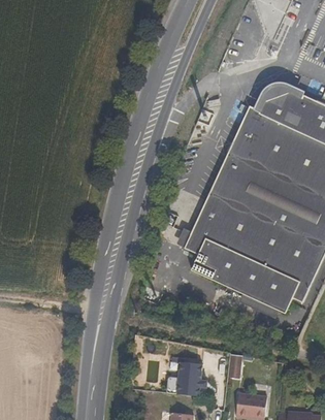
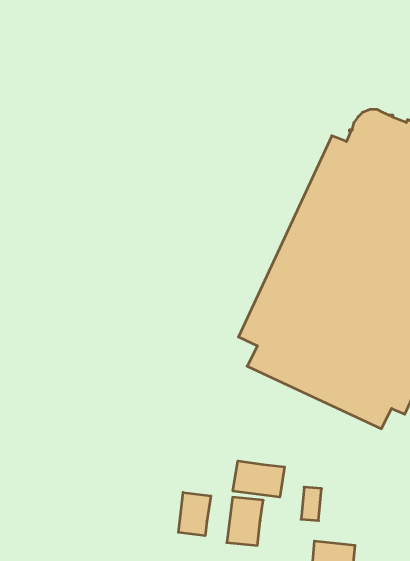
building: none -> [233,461,285,497]
building: none -> [178,492,211,536]

